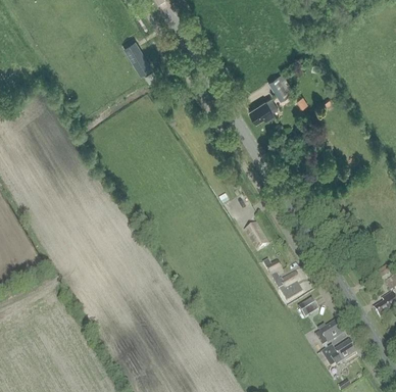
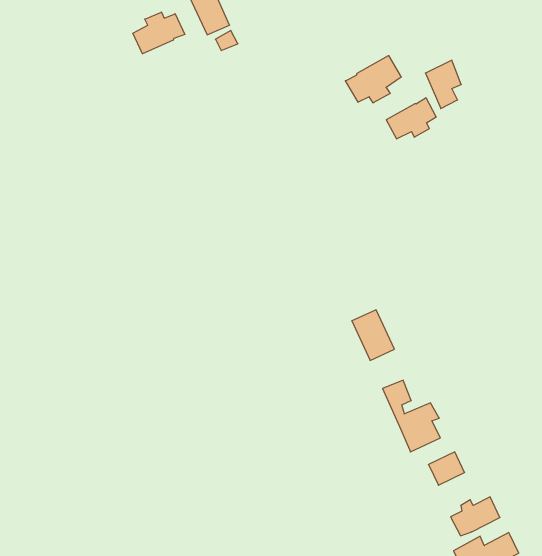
building: none -> [133,12,185,54]
building: none -> [345,56,401,103]

